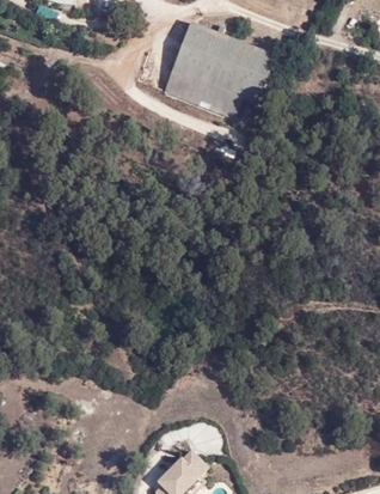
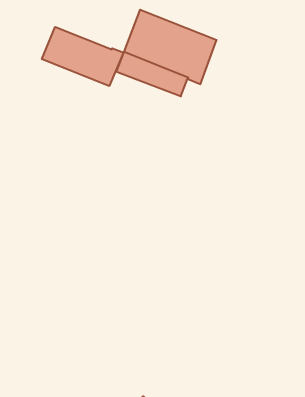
building: none -> [42,27,124,86]

